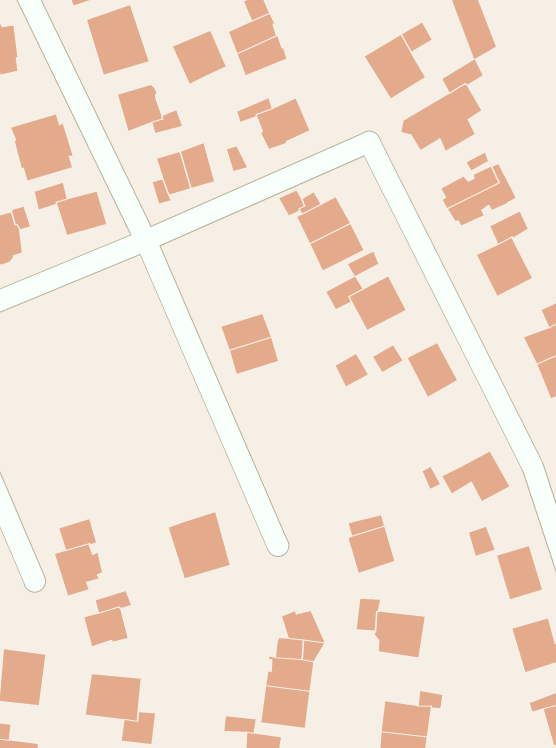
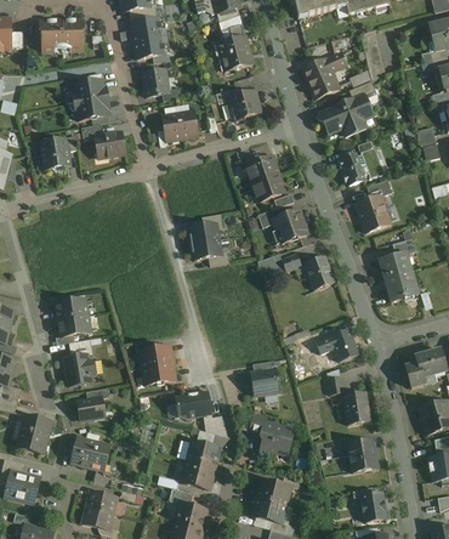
building: [172,30,227,84] -> none
building: none -> [56,299,90,336]
building: none -> [175,390,212,419]

